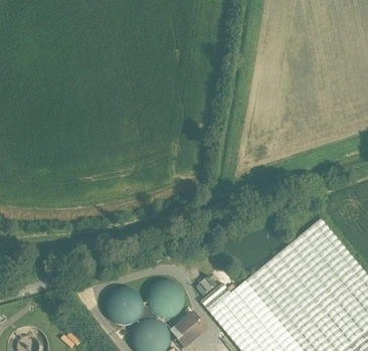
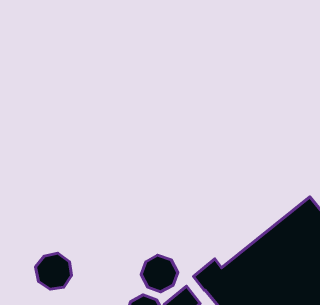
building: [106,288,143,325] -> [36,253,71,289]

